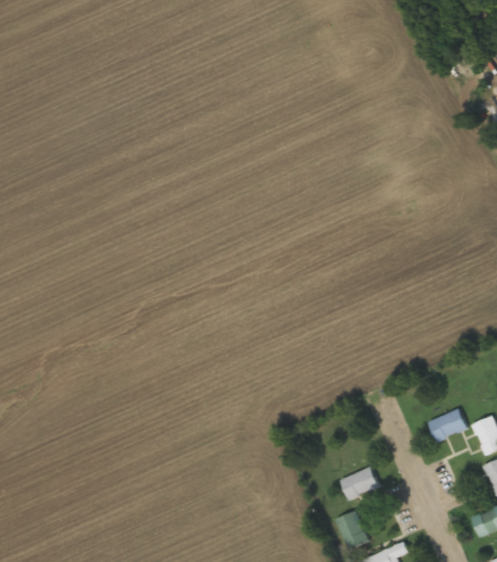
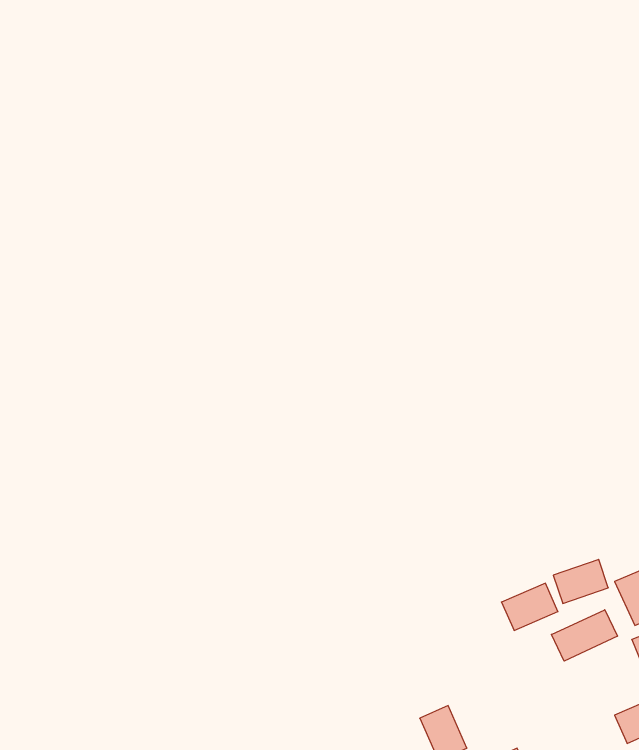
building: none -> [551,610,617,661]
building: [339,467,379,499] -> [501,583,558,630]

